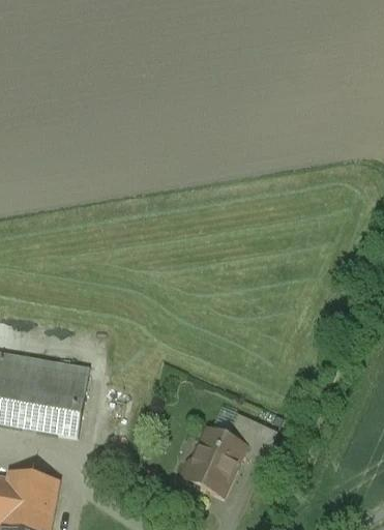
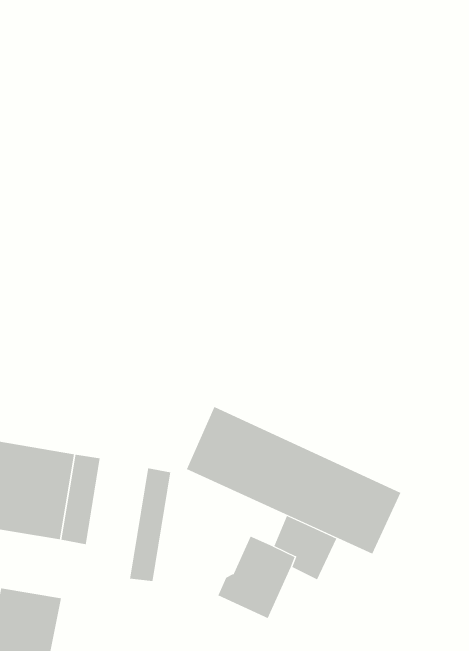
building: none -> [186,406,401,554]
building: none -> [129,468,171,582]

